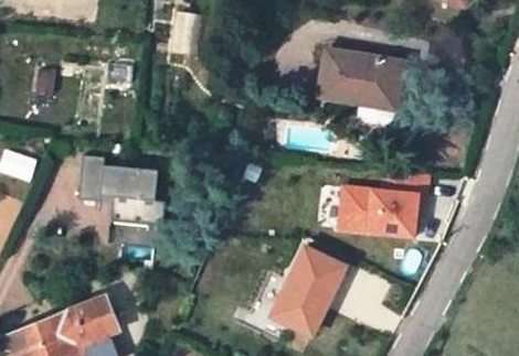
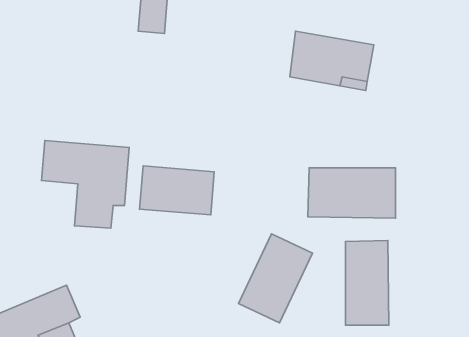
building: none -> [140,166,214,215]
building: none -> [345,241,389,325]

